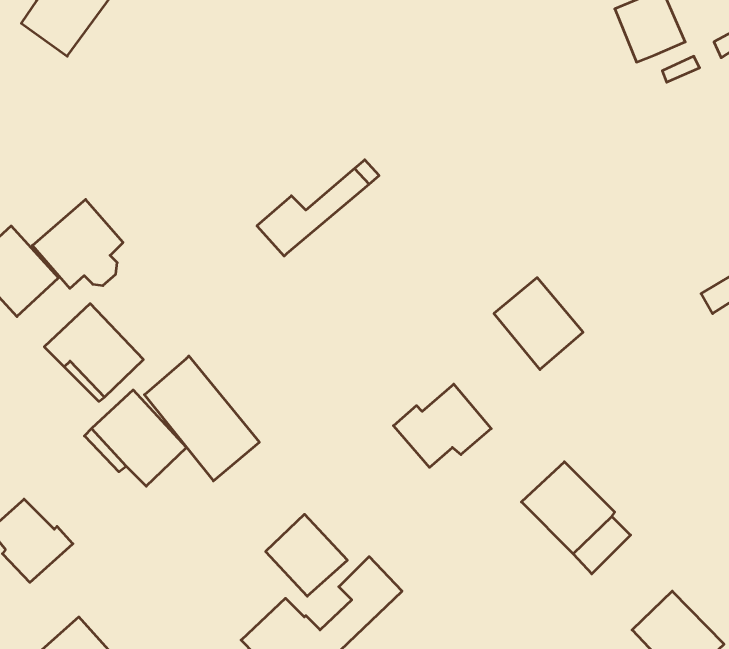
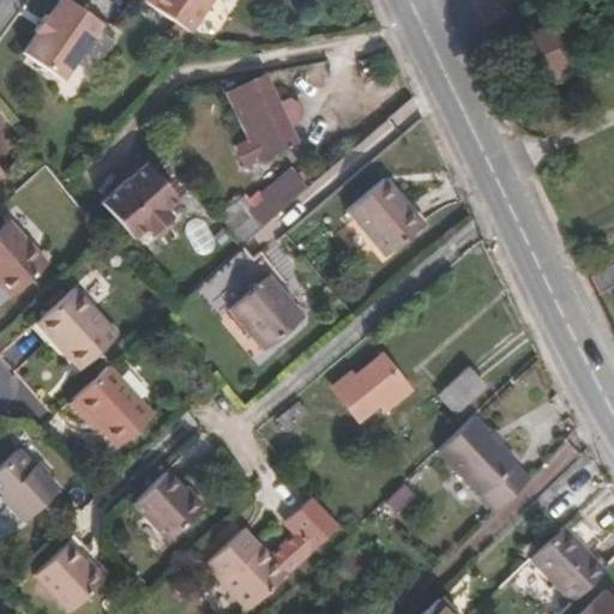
building: none -> [228,74,303,159]
building: [32,199,123,288] -> [101,163,176,237]
building: [494,278,583,370] -> [348,179,422,255]
building: [144,356,259,481] -> [205,243,301,348]
building: none -> [438,366,487,415]
building: [266,514,347,596] -> [132,475,200,543]

